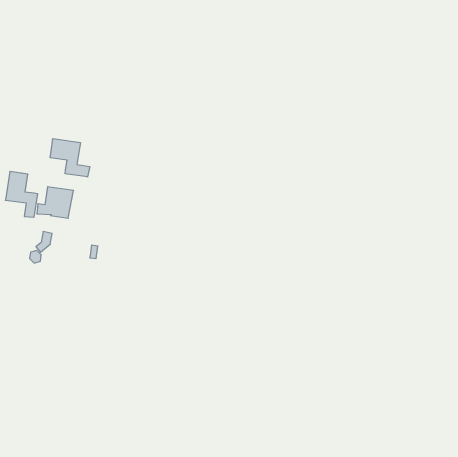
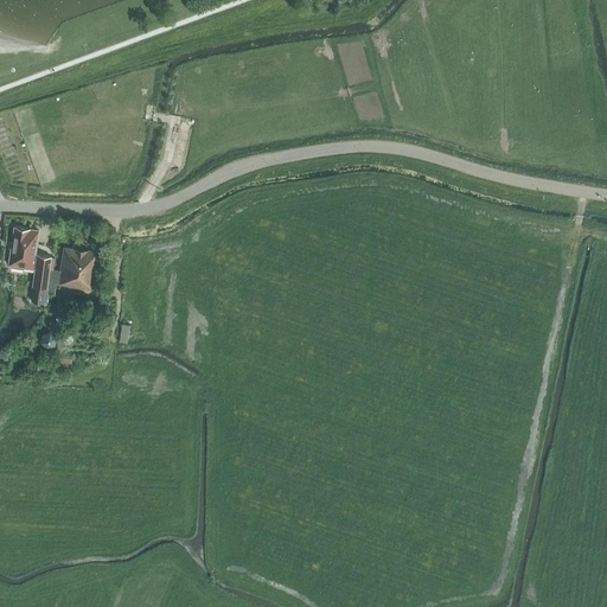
building: [50,139,90,177] -> none

